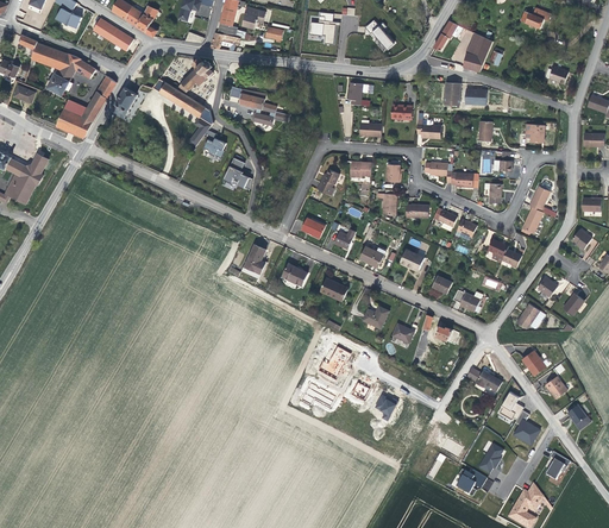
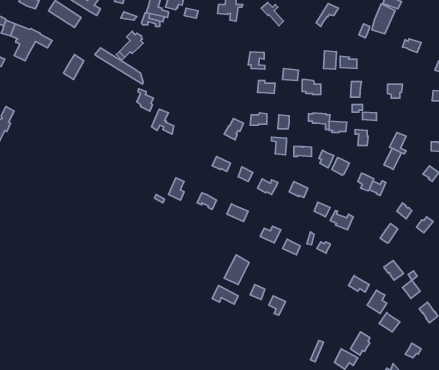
building: [463,33,492,71] -> [372,4,395,34]
building: [56,77,117,138] -> none
building: [230,87,276,126] -> none

